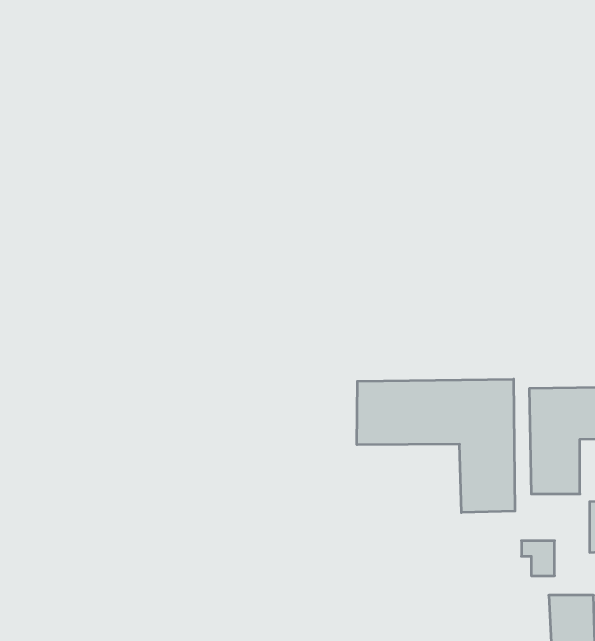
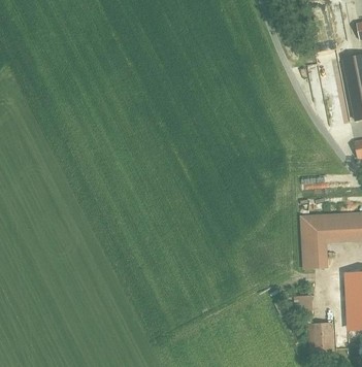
building: [357,379,515,513] -> none

